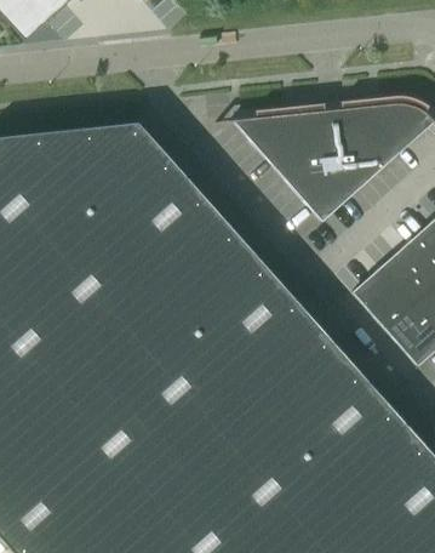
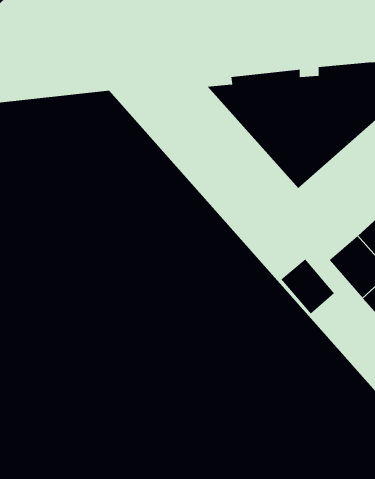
building: none -> [280,259,335,314]

